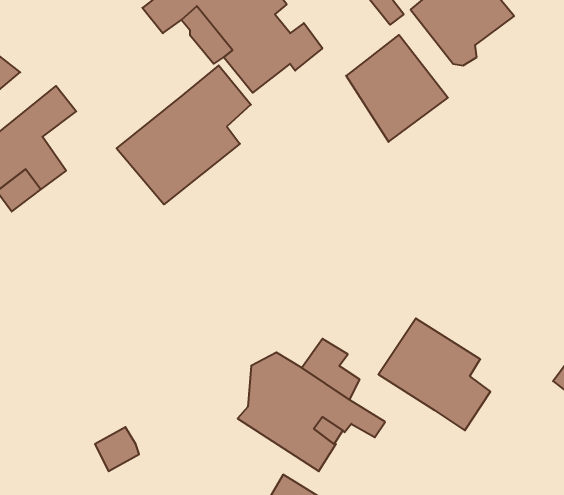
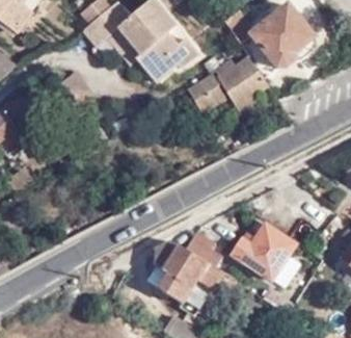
building: [117,65,251,204] -> none
building: none -> [186,73,226,115]

